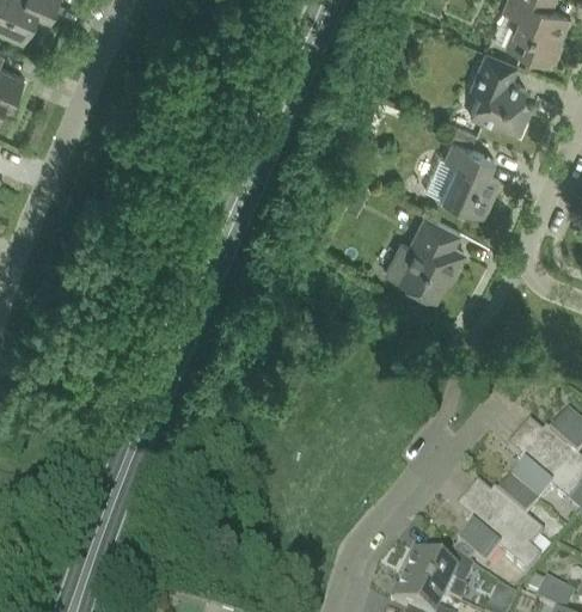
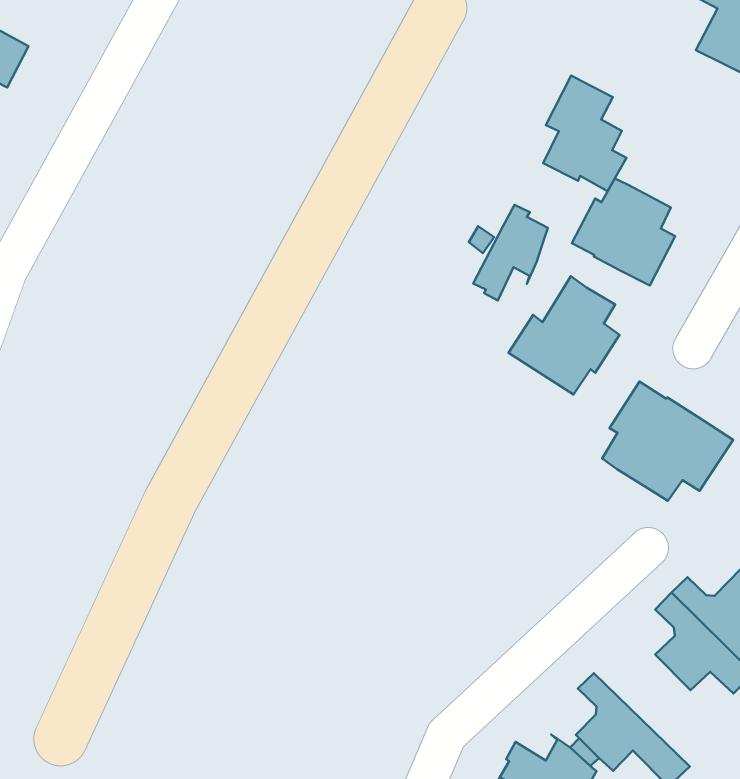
building: [471,53,531,134] -> [543,76,627,191]
building: none -> [473,205,548,300]
building: none -> [602,382,733,501]
building: [465,483,541,562] -> none

